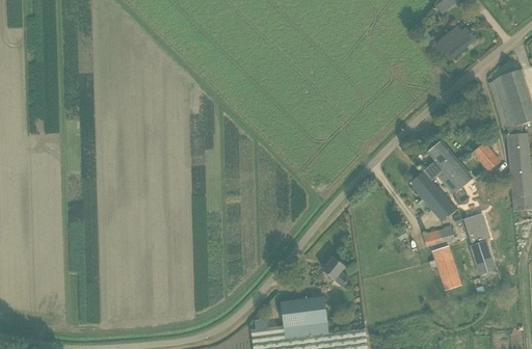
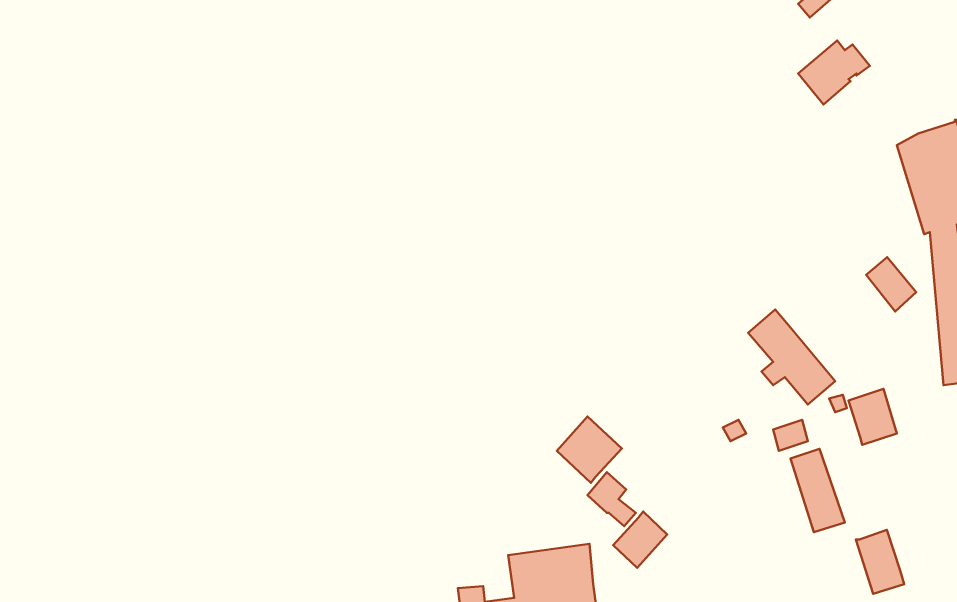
building: [424,139,473,204] -> none
building: none -> [557,417,622,483]
building: [470,239,496,273] -> [856,530,904,594]
building: none -> [613,512,667,568]

